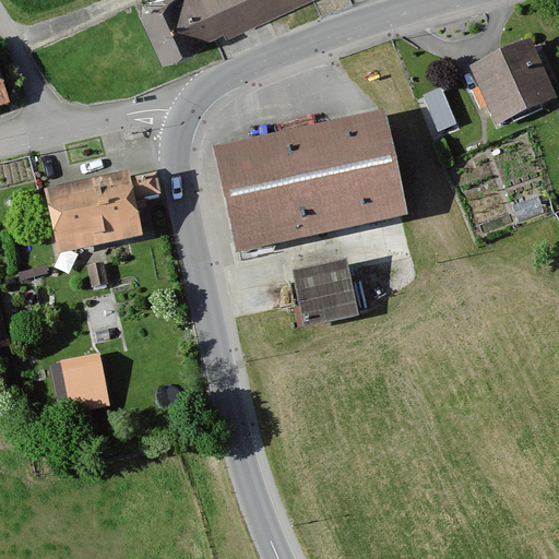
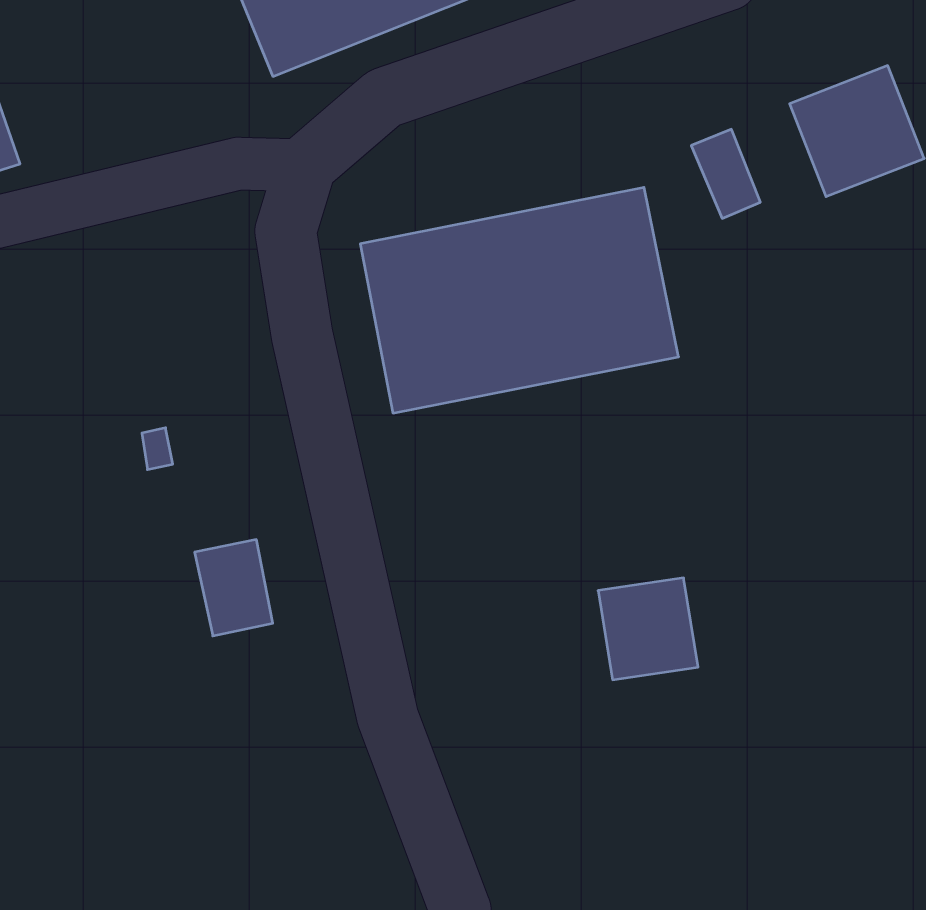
building: [46,173,140,250] -> none
building: [295,262,355,323] -> [598,578,698,680]
building: [58,348,105,406] -> [195,540,273,636]

